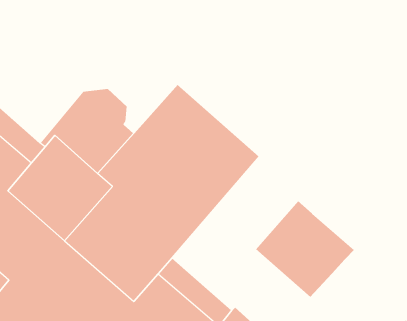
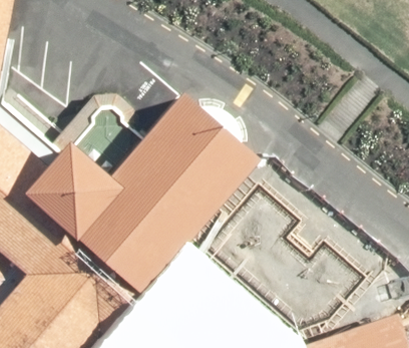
building: [255,200,355,298] -> none

